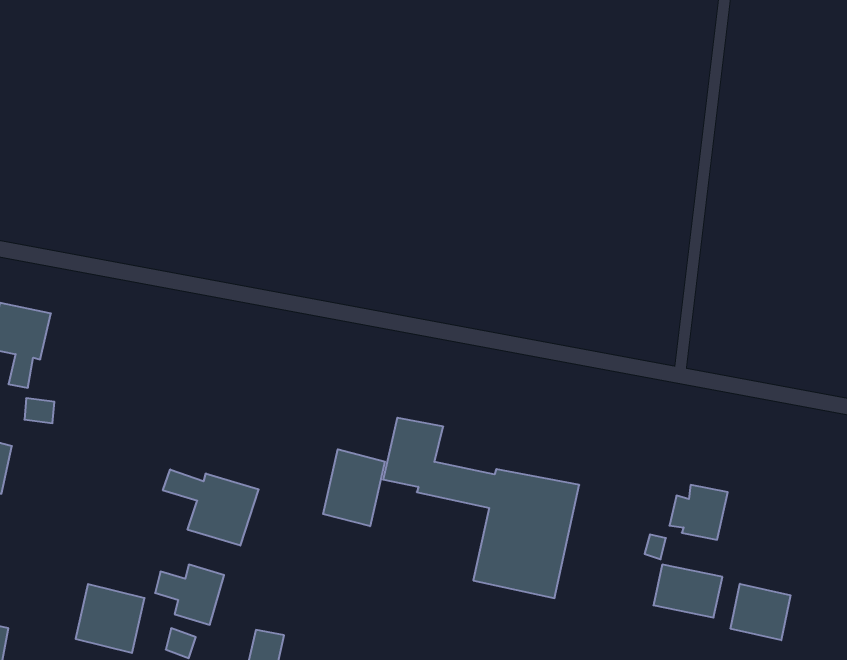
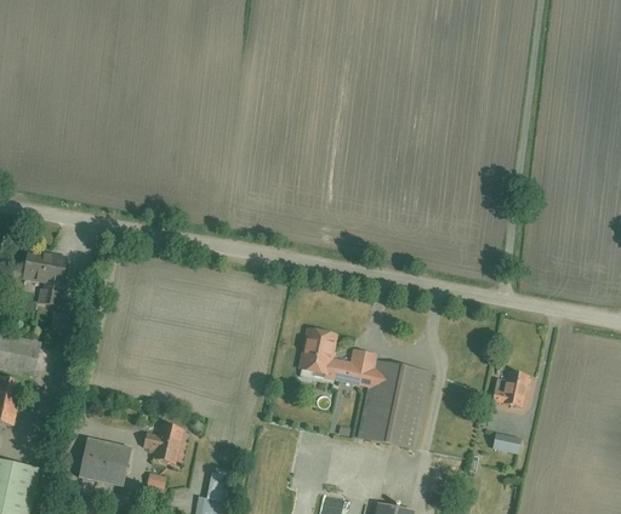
building: [323,449,385,526] -> none
building: [163,469,259,546] -> none
building: [731,584,791,640] -> none

